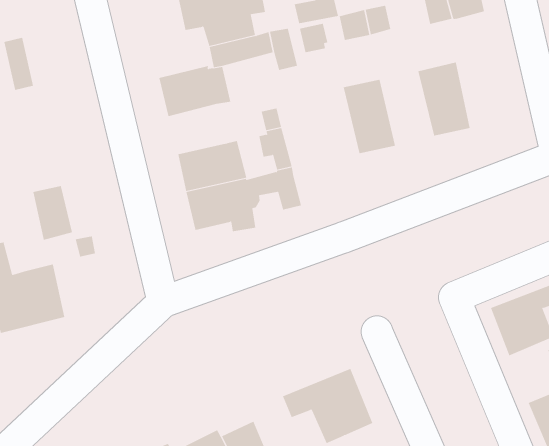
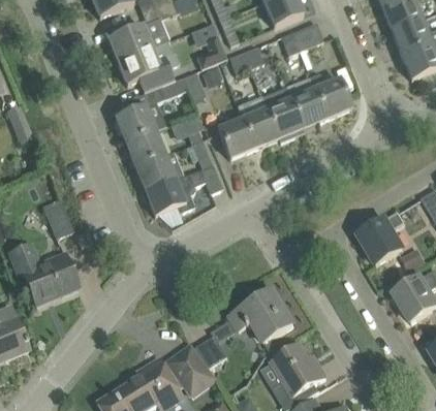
building: none -> [310,71,351,118]
building: none -> [261,86,303,140]
building: none -> [125,129,166,166]
building: none -> [218,117,255,157]

